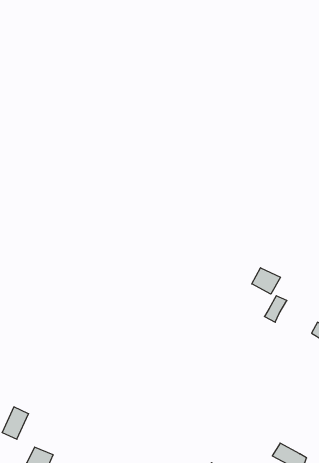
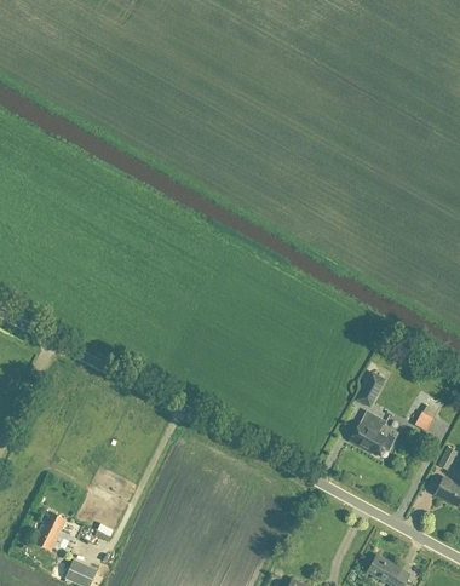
building: [252,268,280,294] -> none
building: none -> [350,423,398,454]

